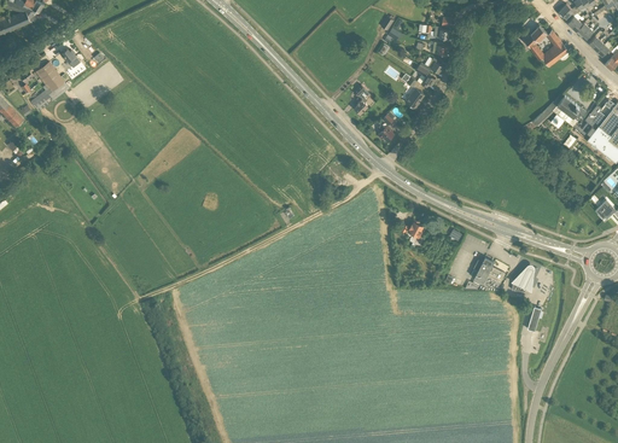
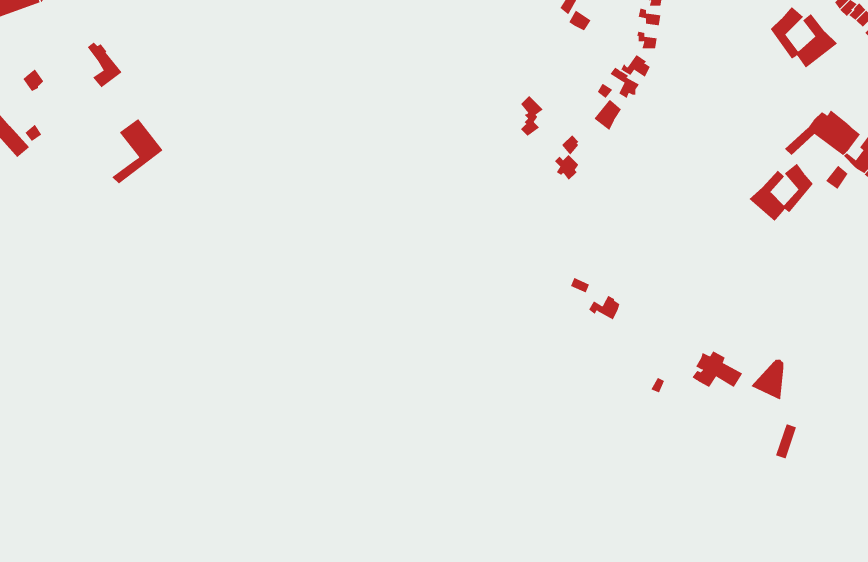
building: [30,62,65,106] -> [112,118,163,184]
building: none -> [748,163,813,222]

